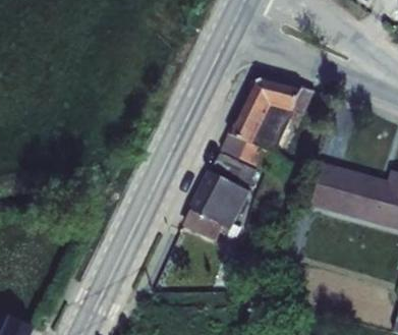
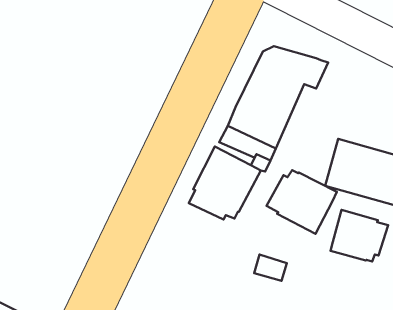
building: none -> [266,170,337,234]
building: none -> [330,210,388,261]

